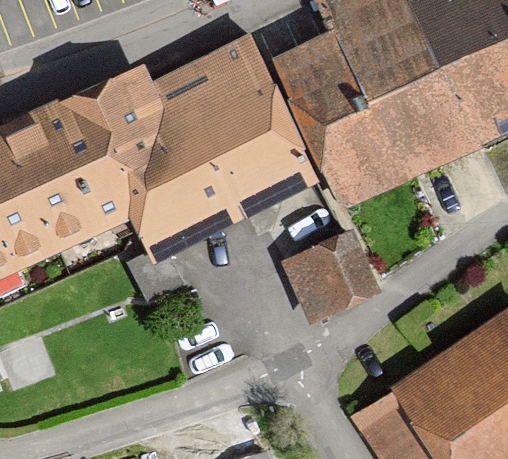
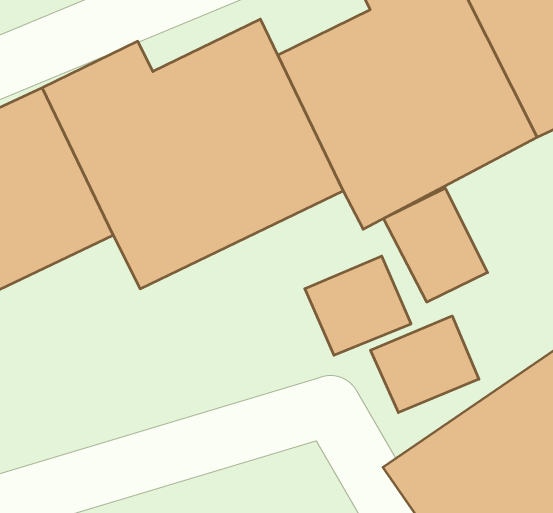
building: none -> [384,188,488,302]
building: none -> [371,316,479,413]

